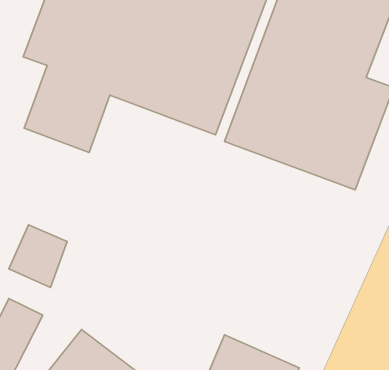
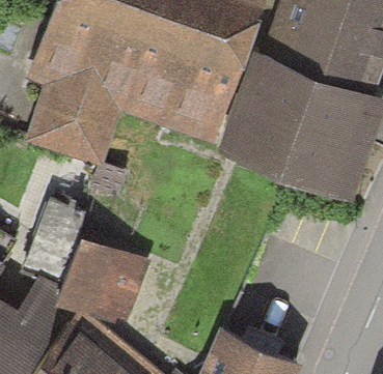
building: none -> [65,240,144,323]

